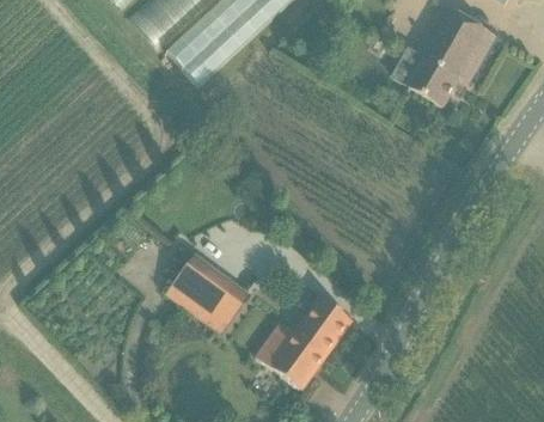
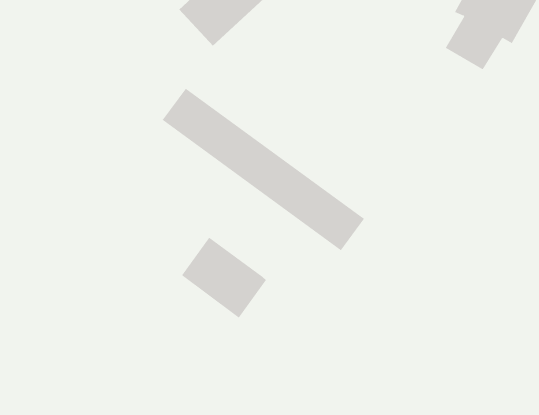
building: none -> [162,88,365,251]
building: [253,296,347,386] -> none

